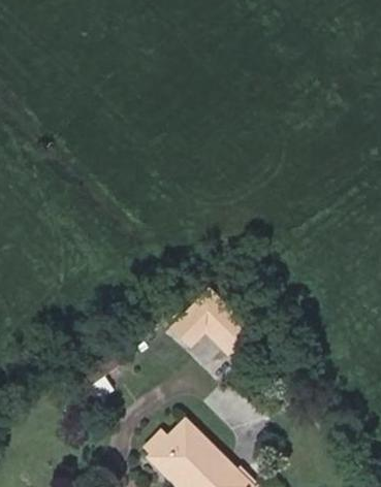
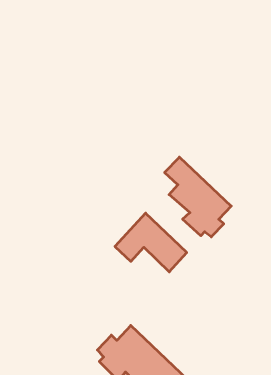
building: none -> [165,157,231,237]

